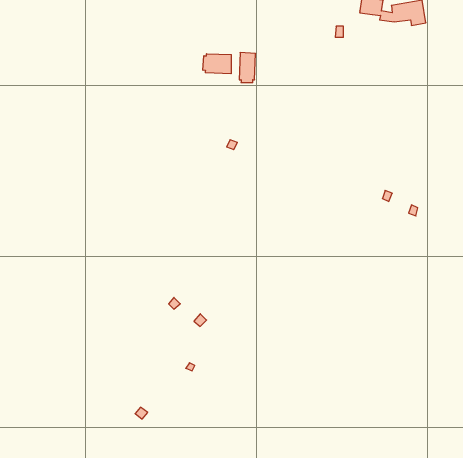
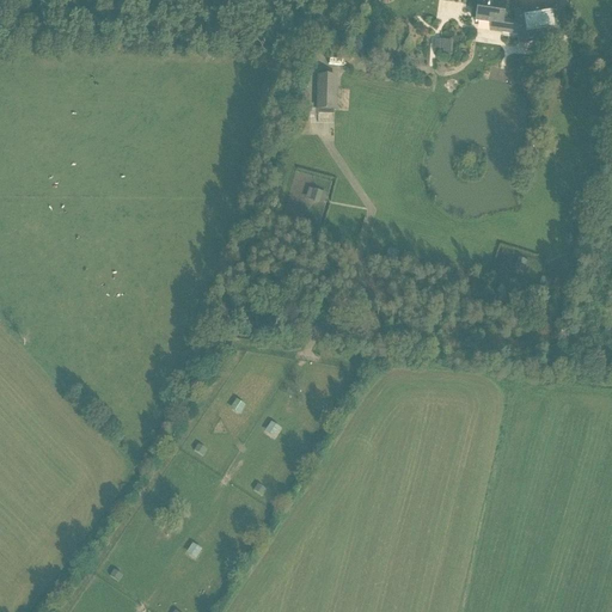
building: [203,54,231,74] -> none

